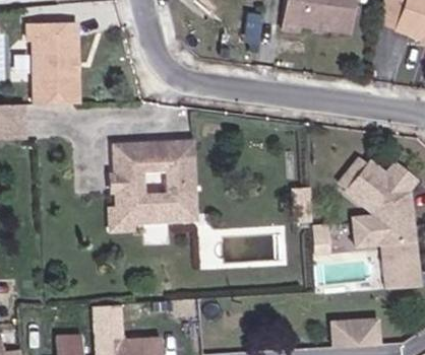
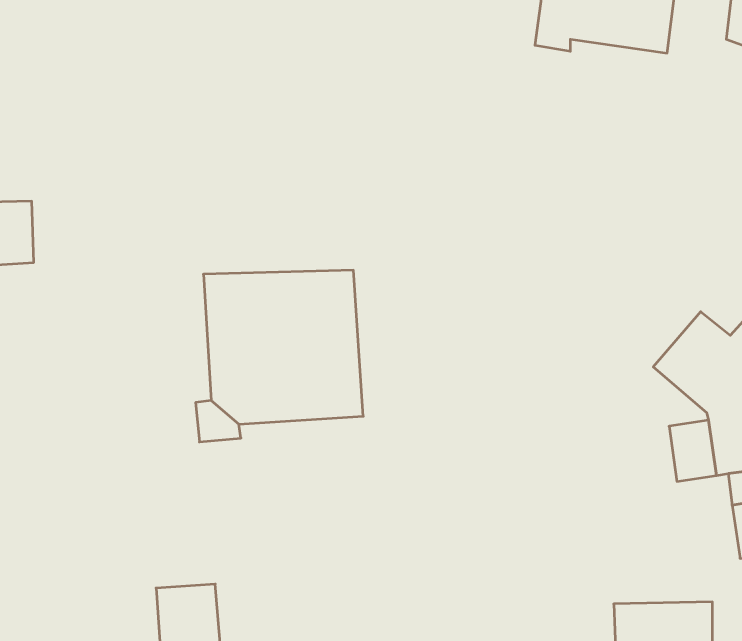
building: [27,24,79,106] -> none

